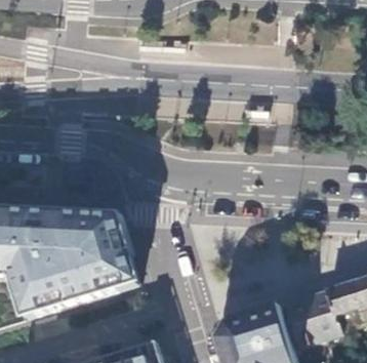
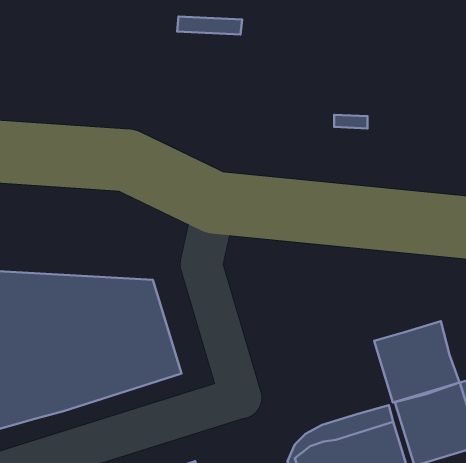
building: none -> [374,321,459,402]

